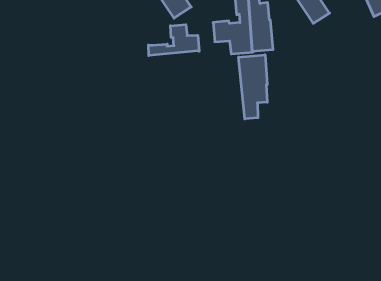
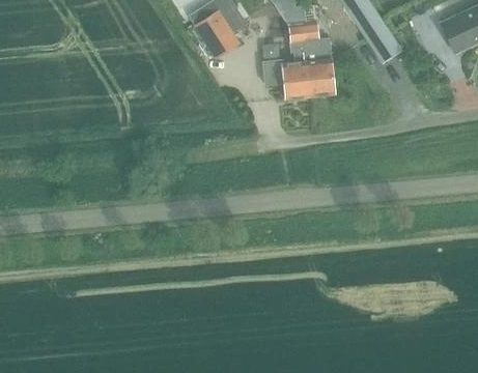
building: [148,25,199,56] -> none
building: [239,55,267,119] -> none

